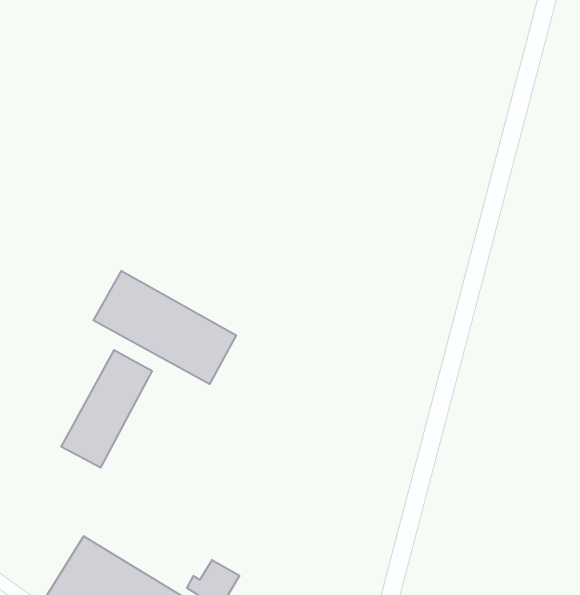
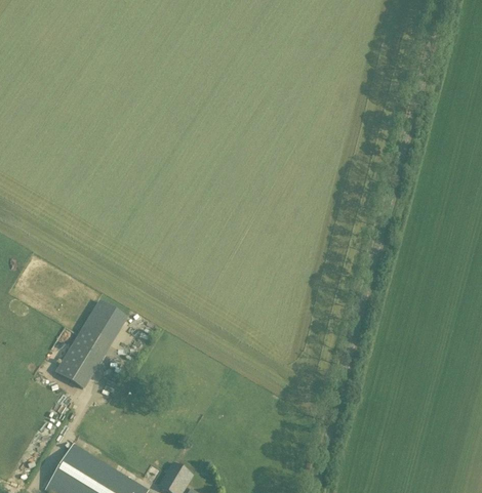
building: [93,271,236,384] -> none

